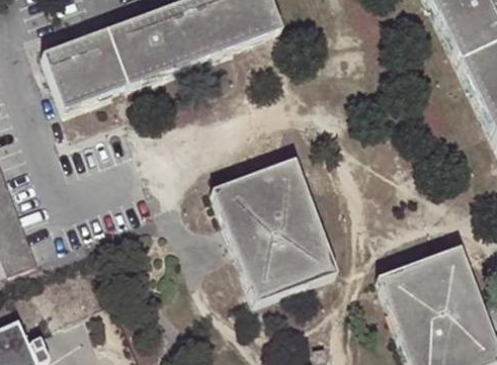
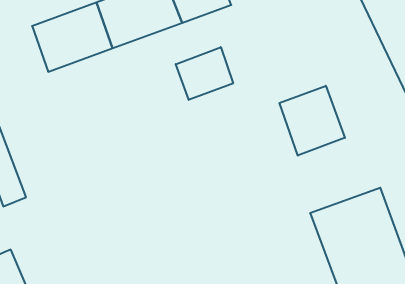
building: none -> [176,47,233,100]
building: none -> [279,86,345,156]
building: [213,156,338,300] -> none

